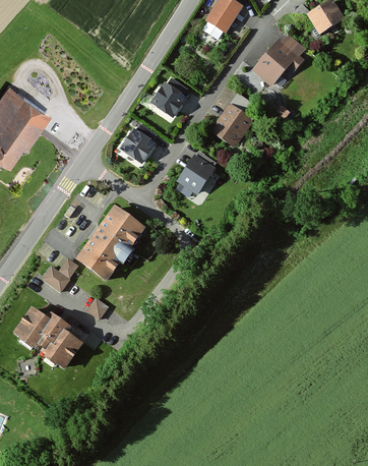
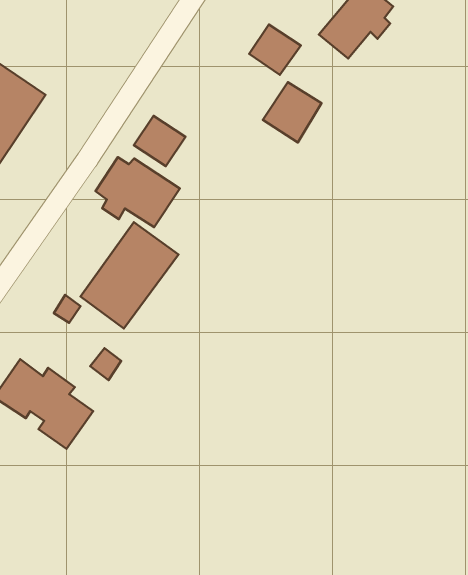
building: [147,82,185,119] -> [249,24,301,75]
building: [177,156,217,197] -> none
building: none -> [96,157,180,227]
building: [41,267,69,292] -> none

